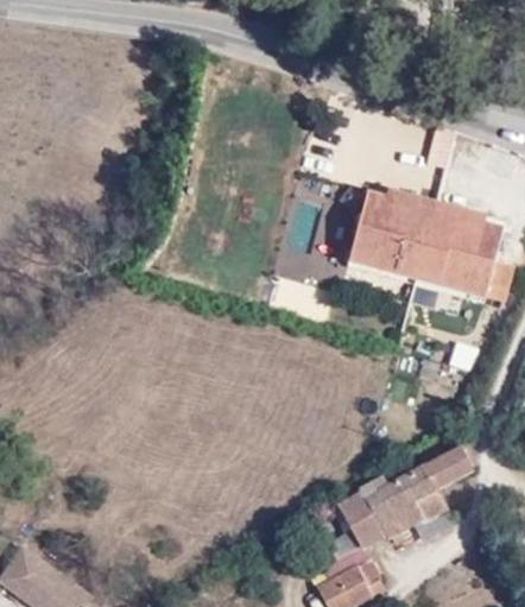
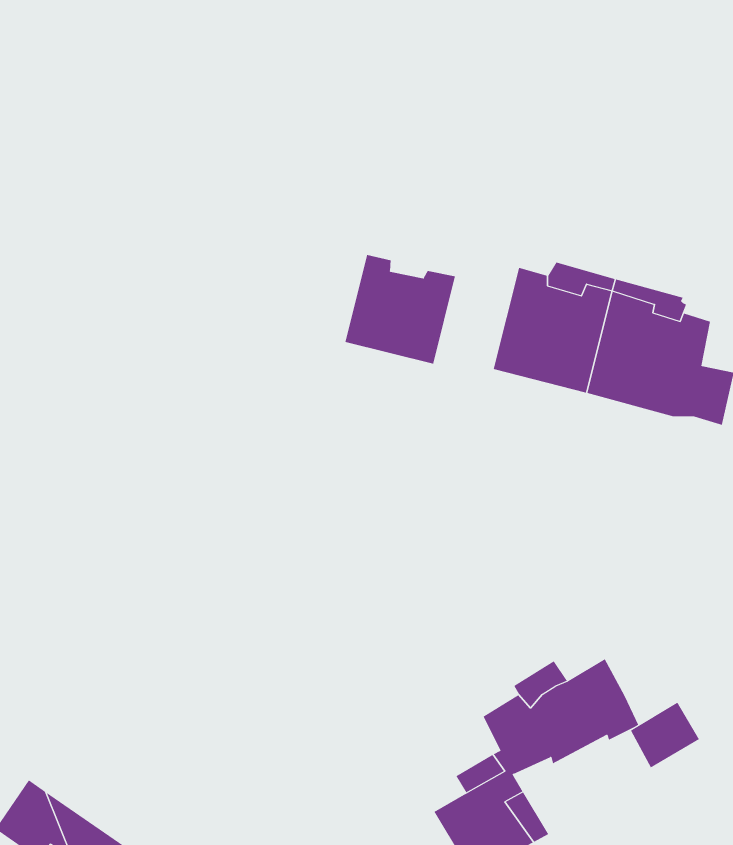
building: none -> [345,254,456,365]
building: [426,444,475,491] -> [630,702,700,768]

